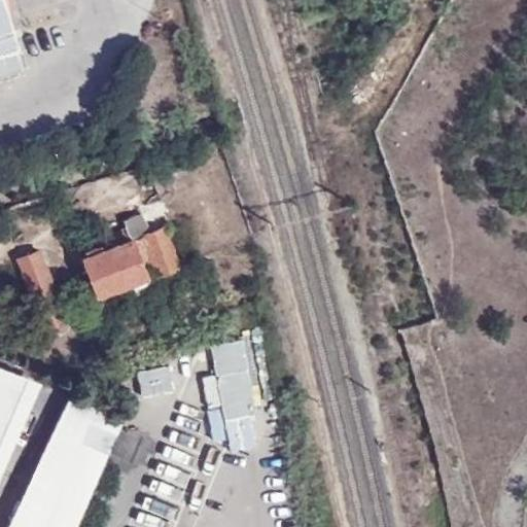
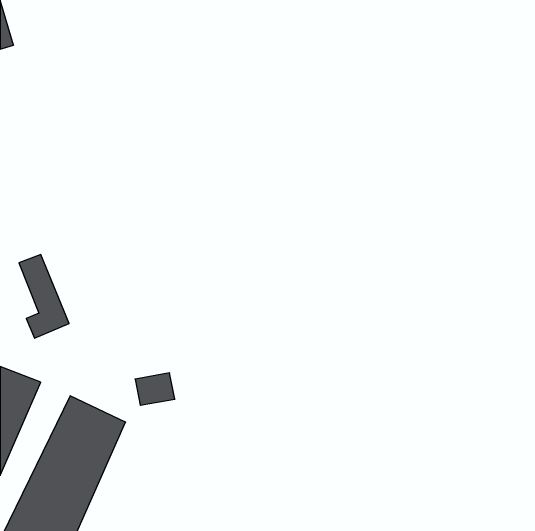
building: [78,229,181,313] -> none
building: [206,346,257,459] -> none

